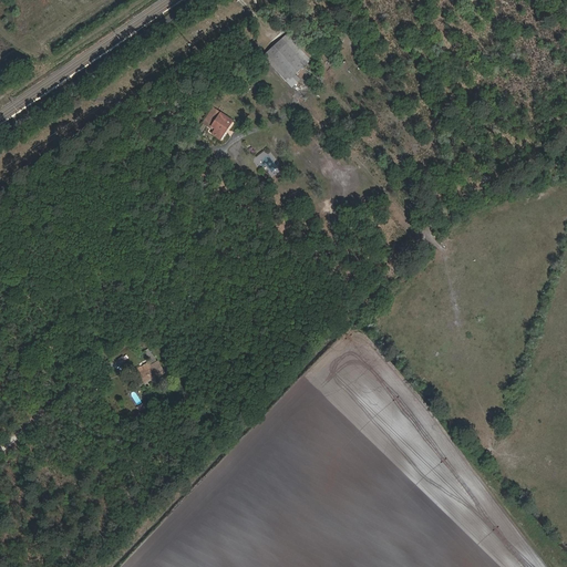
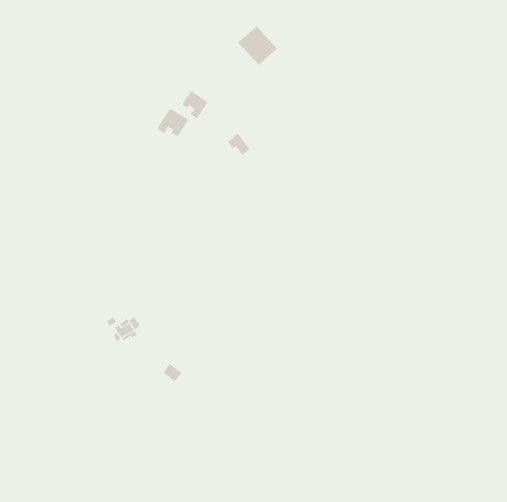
building: none -> [156,108,189,137]

